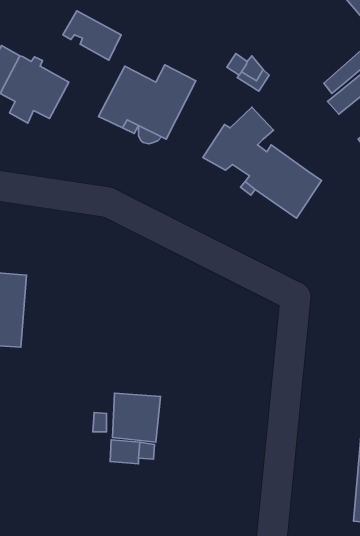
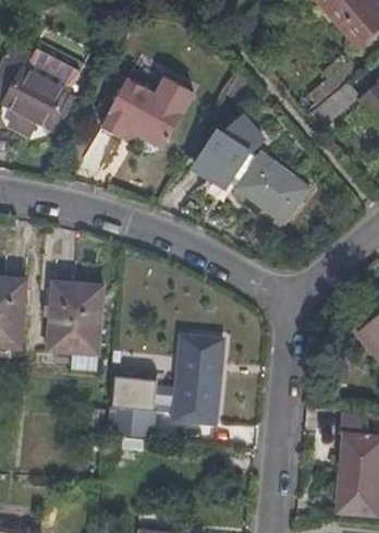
building: [63,11,121,60] -> [24,47,80,94]
building: none -> [49,280,103,372]
building: none -> [173,336,222,423]

